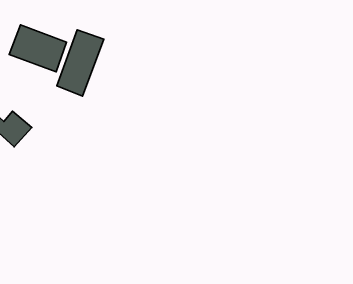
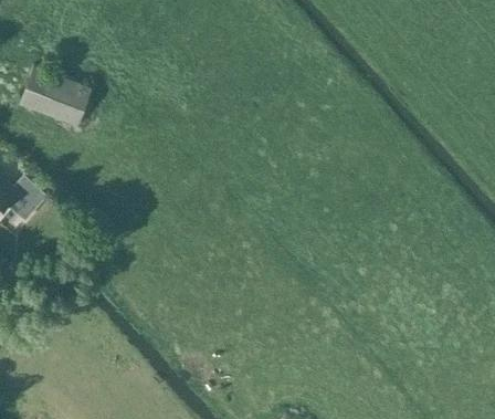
building: [57,30,104,96] -> none

